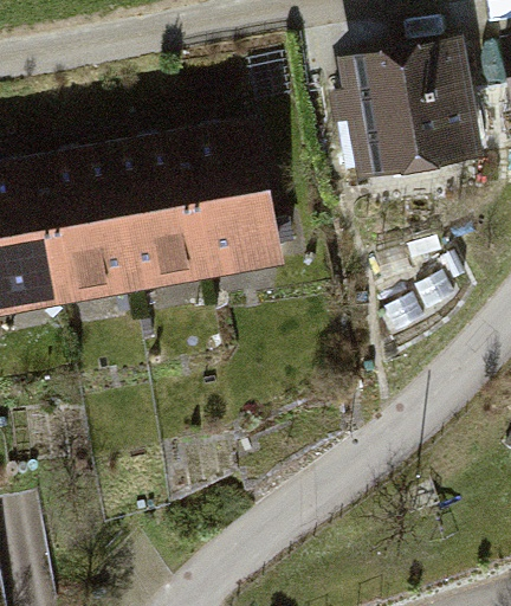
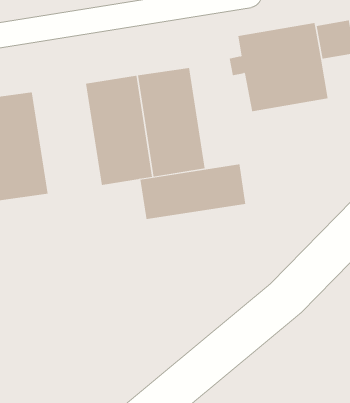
building: [47,142,144,298] -> none
building: none -> [140,164,246,220]

